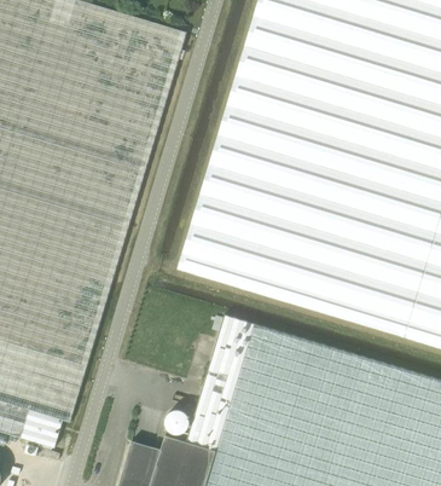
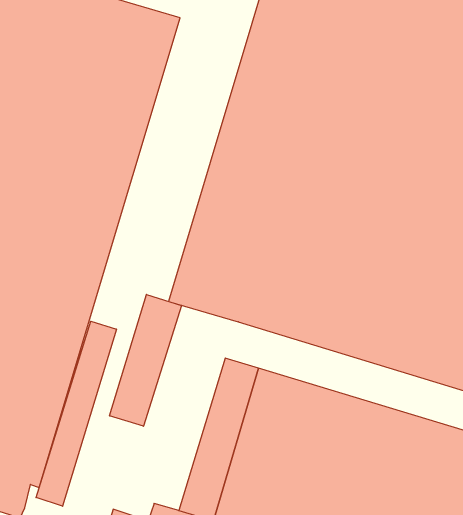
building: none -> [110,294,182,426]
building: none -> [36,321,116,506]

